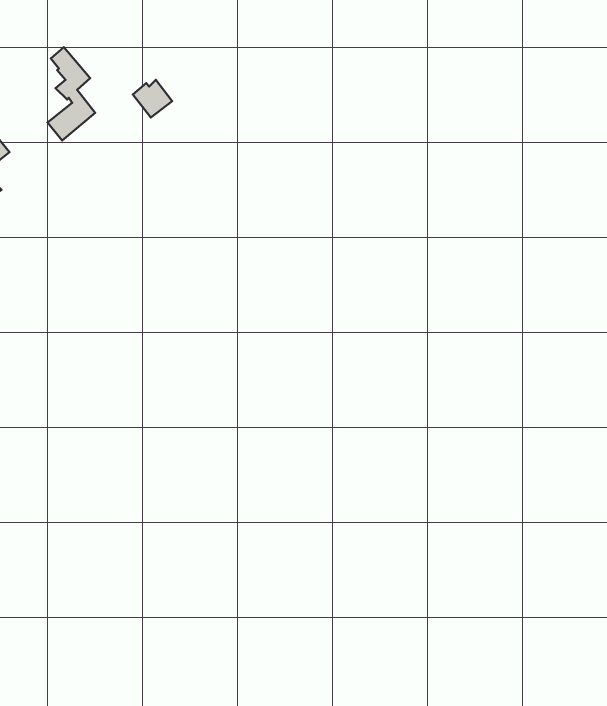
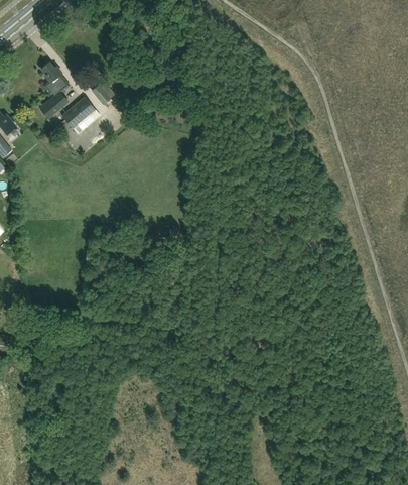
building: none -> [61,96,96,133]

